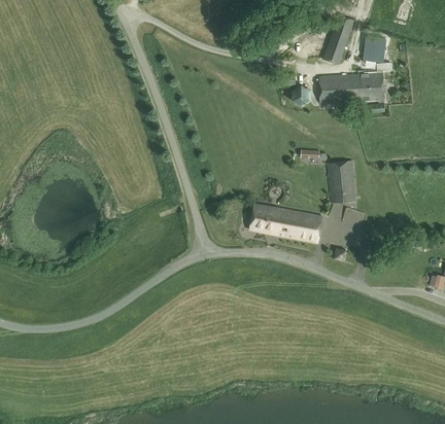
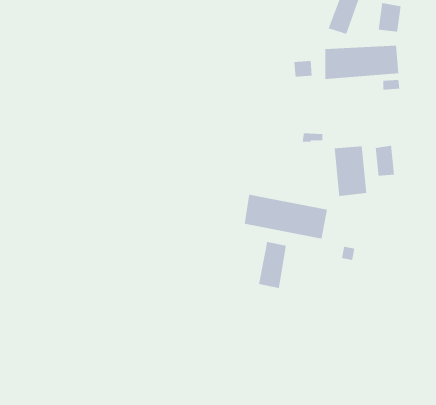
building: none -> [375,145,395,177]
building: none -> [258,241,286,289]

